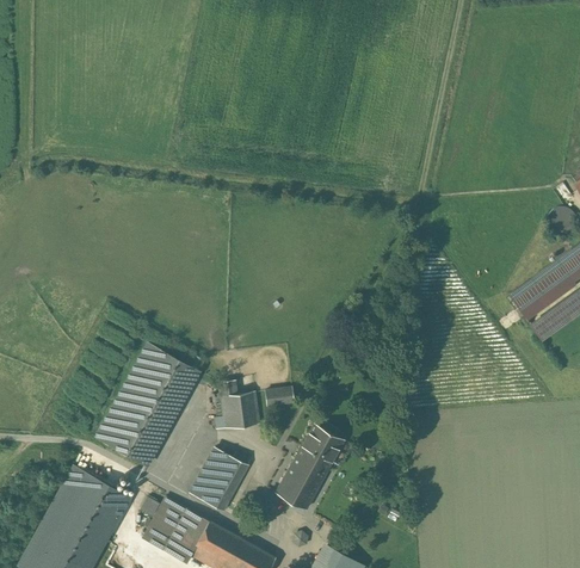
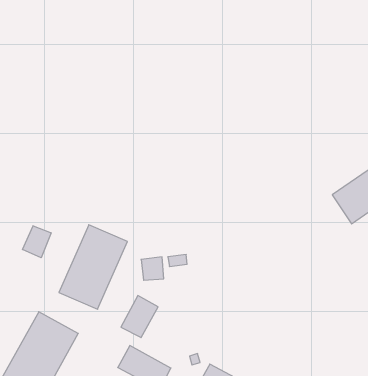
building: none -> [23,226,51,258]
building: [274,426,344,512] -> none
building: [140,496,206,557] -> none

